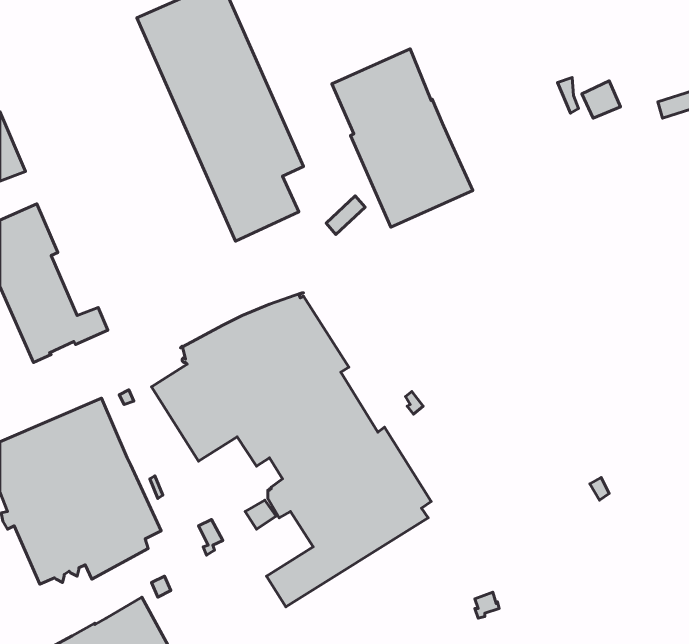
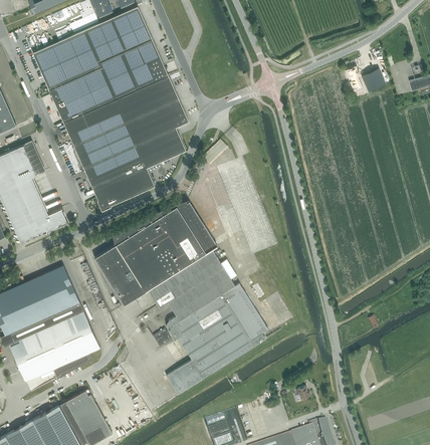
building: none -> [32,30,155,211]
building: [332,49,473,227] -> none

